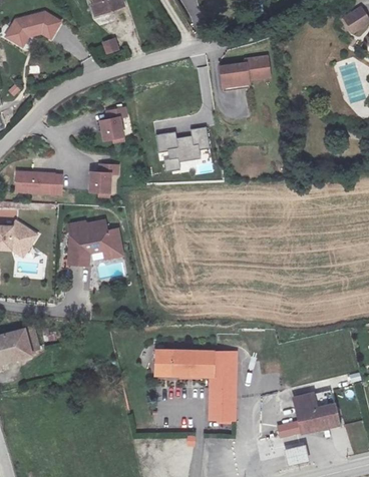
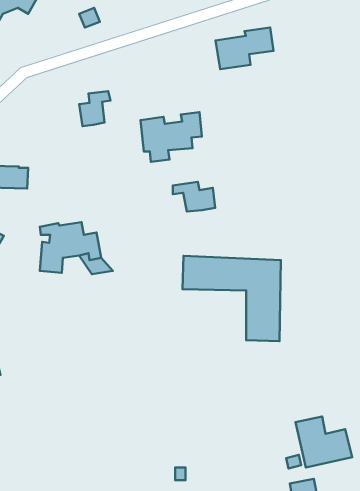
building: [90,162,116,191] -> none
building: none -> [173,182,215,211]
building: [150,347,236,421] -> [182,256,281,341]

